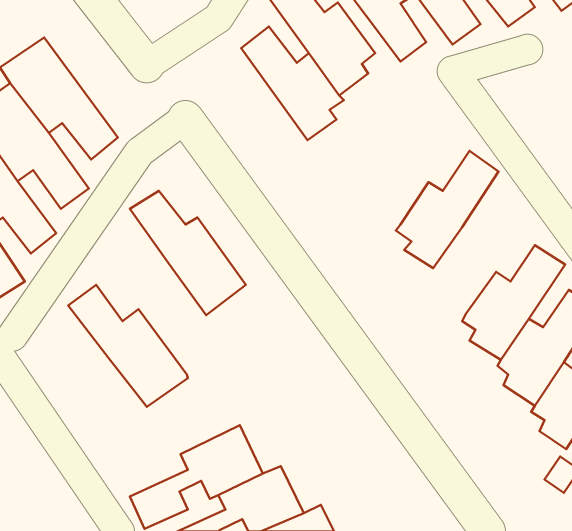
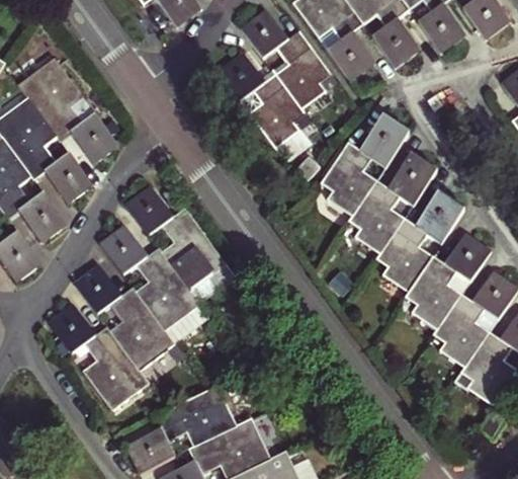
building: none -> [321,117,407,217]
building: none -> [375,192,462,292]
building: none -> [99,226,208,342]
building: none -> [49,307,149,409]

